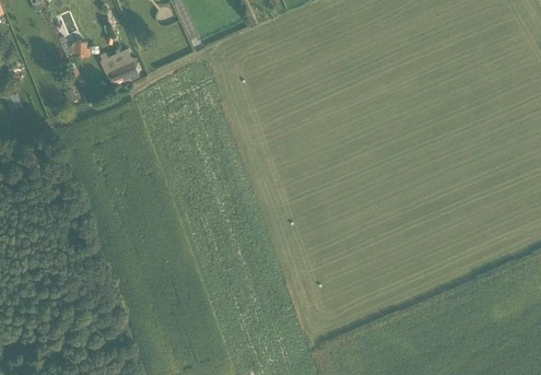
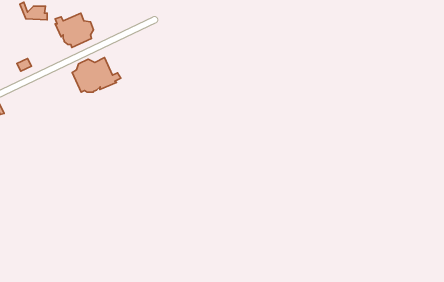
building: none -> [72,57,121,92]

